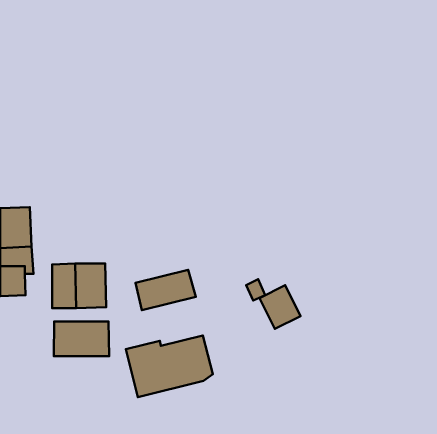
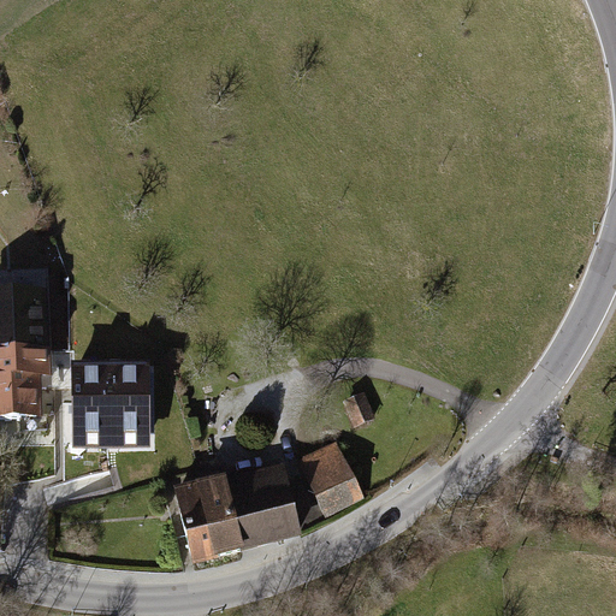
building: [136,270,196,310] -> none
building: [259,285,301,329] -> [302,446,360,508]
building: [54,322,109,356] -> none

